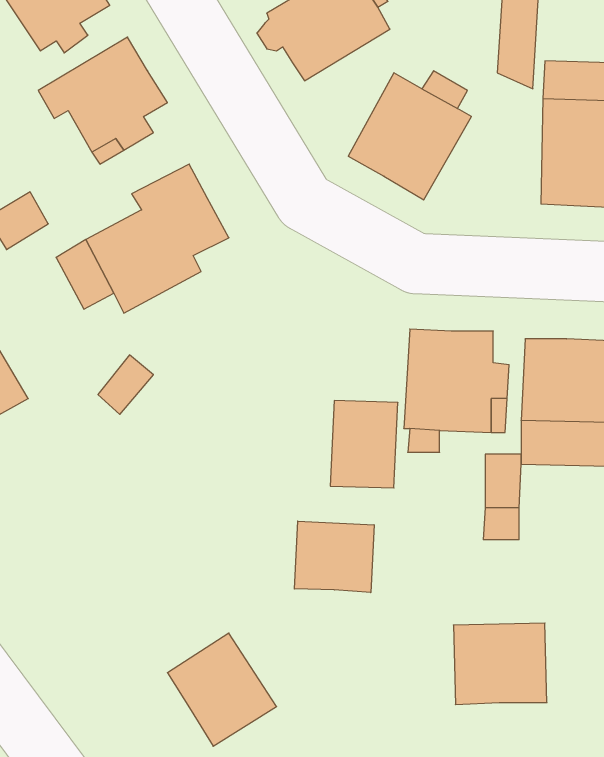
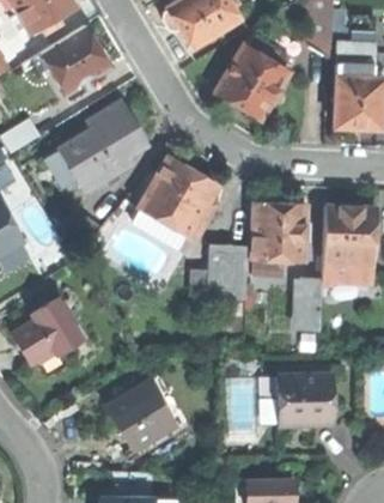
building: none -> [139,156,215,238]
building: none -> [13,297,83,363]
building: [294,521,374,593] -> none

